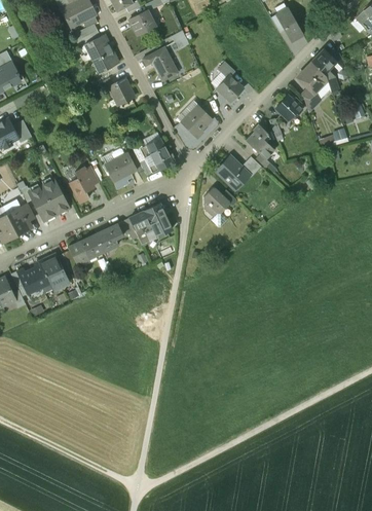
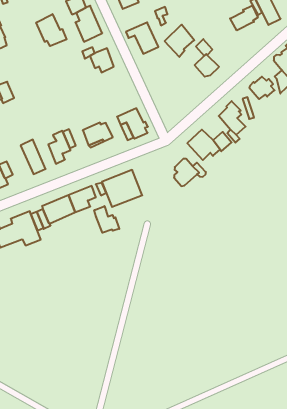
building: none -> [230,5,258,30]
building: none -> [36,14,67,46]
building: [181,104,212,138] -> [165,25,194,57]
building: [29,185,57,220] -> none
building: none -> [94,206,119,233]

